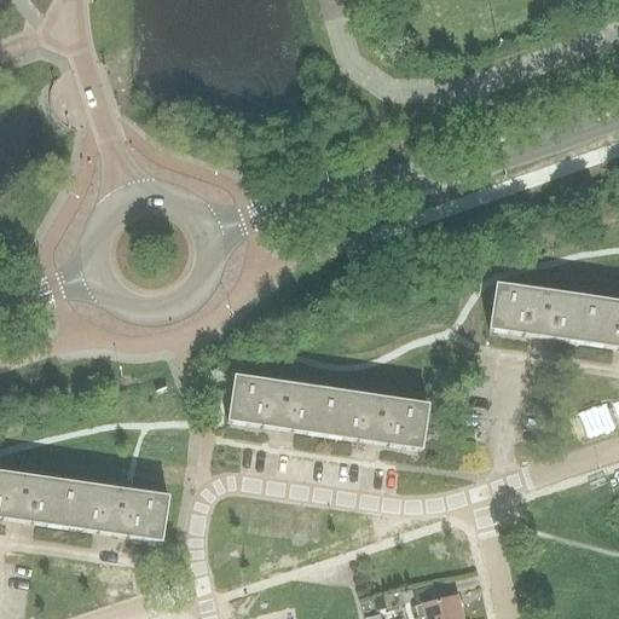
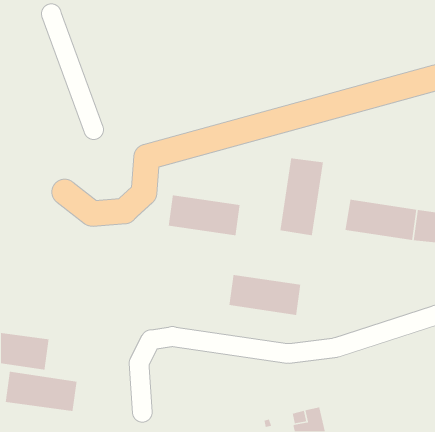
building: none -> [279,157,324,236]
building: [228,374,331,433] -> [168,194,240,236]
building: [65,480,168,538] -> [5,371,77,412]

